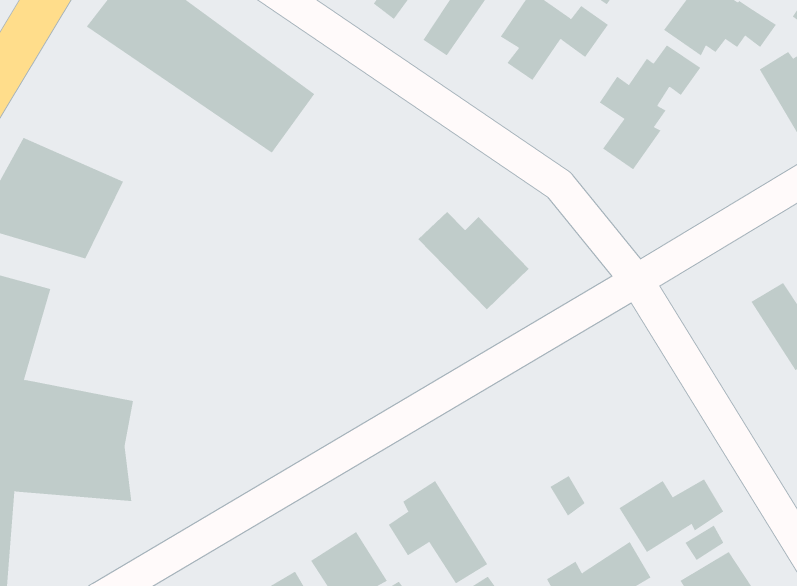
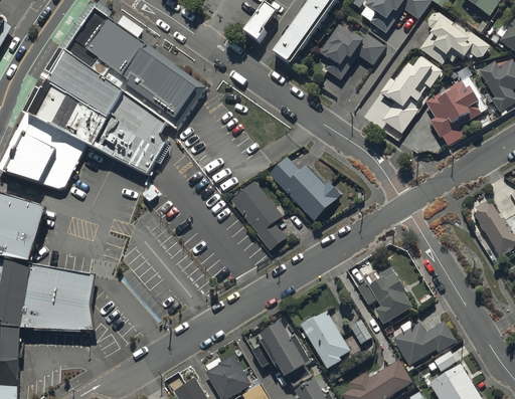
building: none -> [28,46,180,168]
building: none -> [425,77,487,146]
building: none -> [228,178,290,252]
building: none -> [356,267,411,326]
building: none -> [301,313,350,371]

